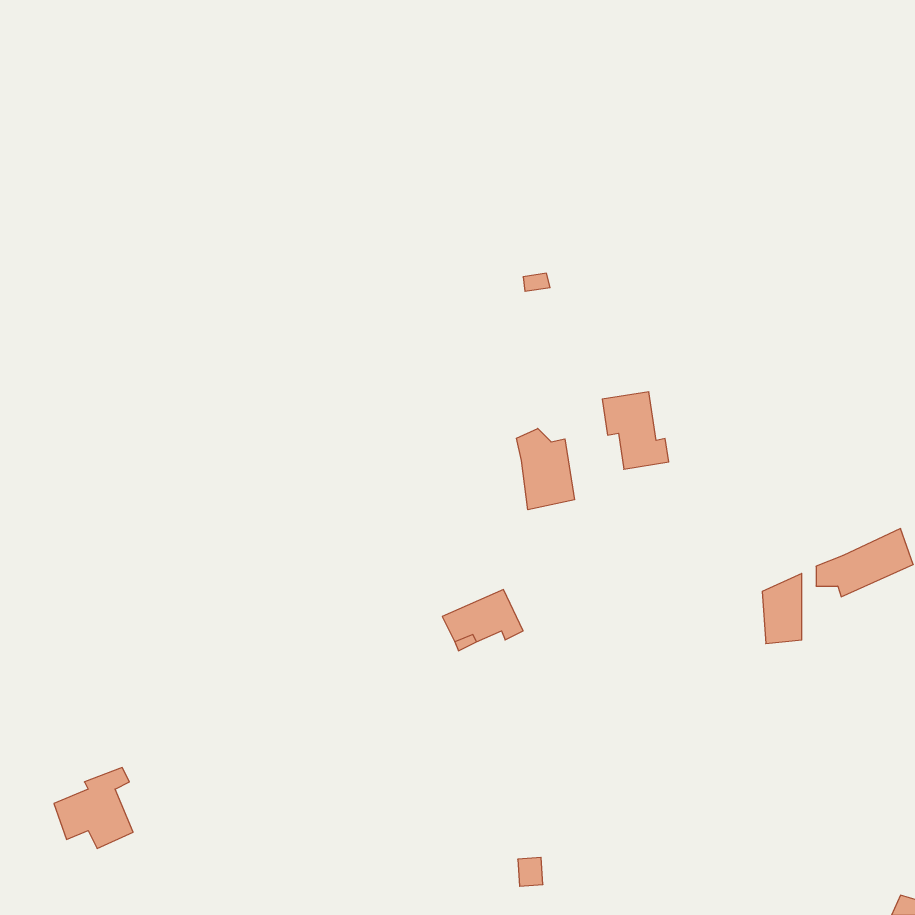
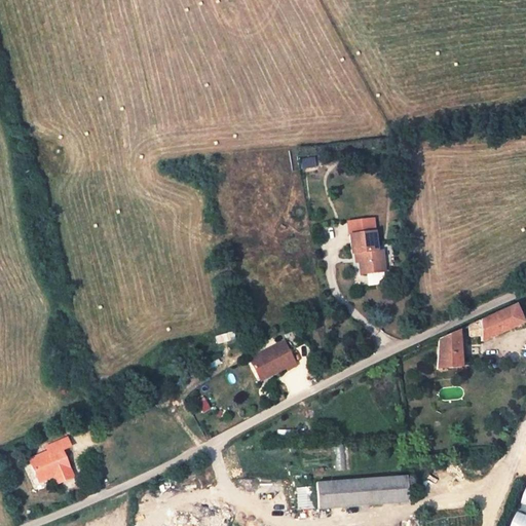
building: [516,428,574,510] -> none
building: none -> [317,475,410,510]

